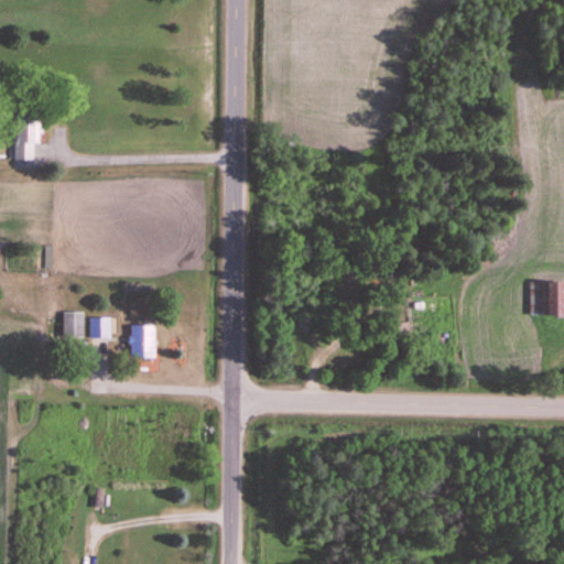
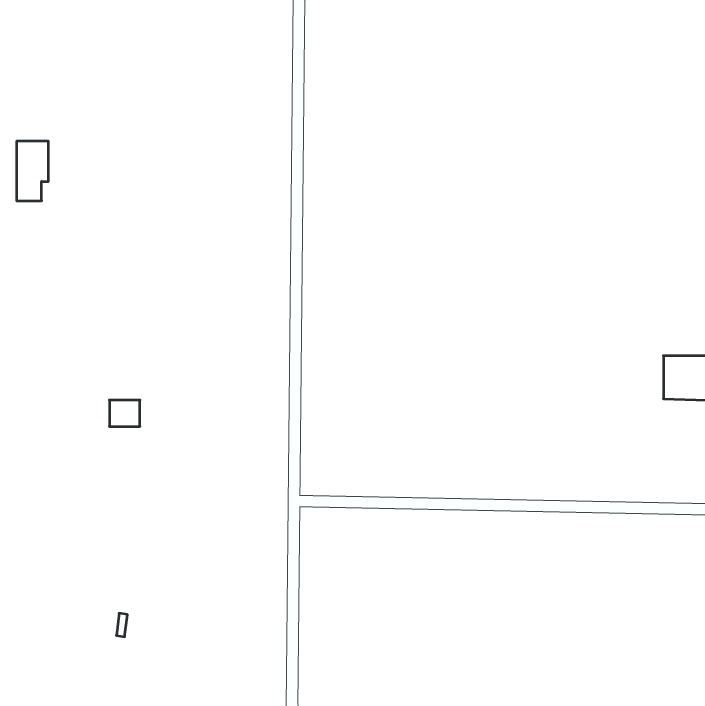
building: [64,312,85,339] -> none
building: [131,326,155,359] -> none

